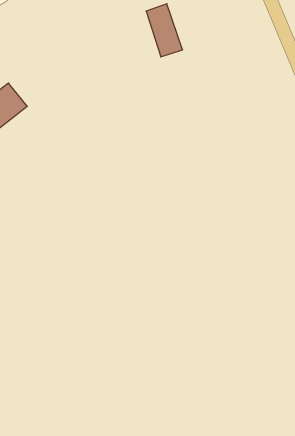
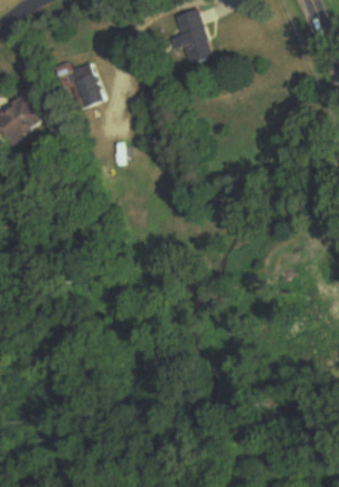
building: none -> [52,60,100,108]

